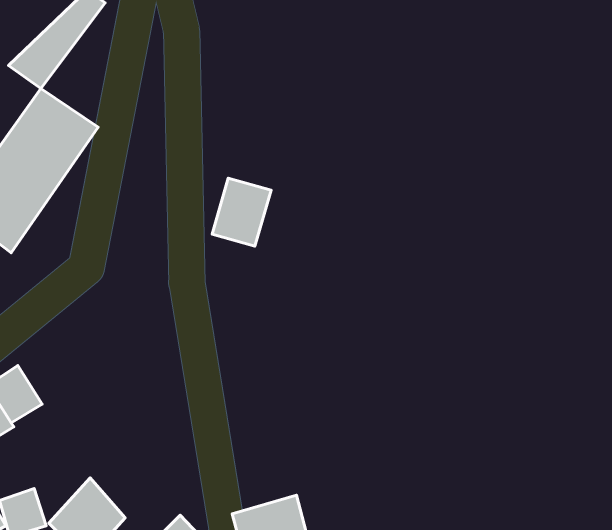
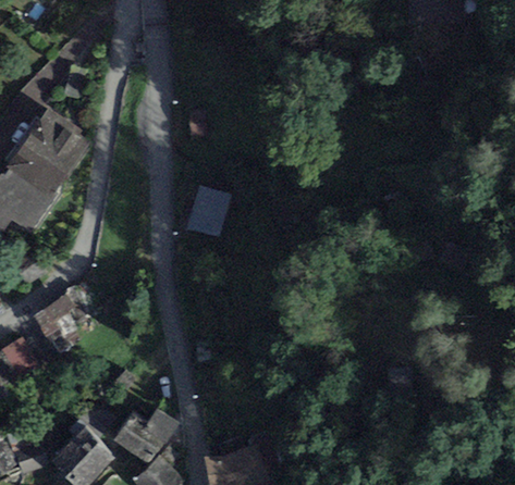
building: none -> [32,294,89,355]
building: none -> [112,409,176,463]

